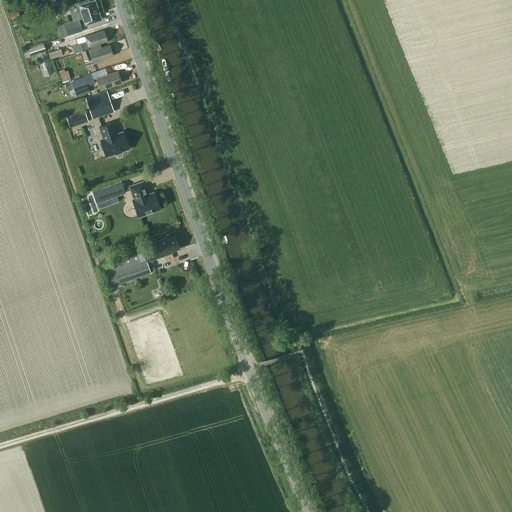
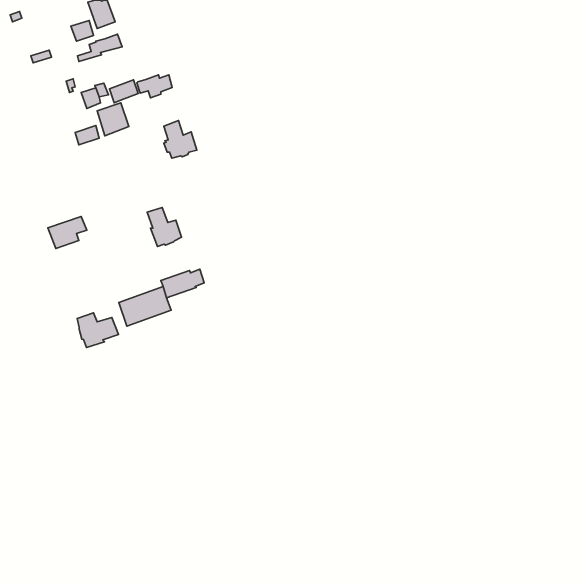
building: [82,44,113,64] -> [137,75,172,98]
building: [100,122,129,155] -> [164,120,197,158]
building: [92,180,126,208] -> [48,216,87,248]
building: none -> [77,313,118,347]

